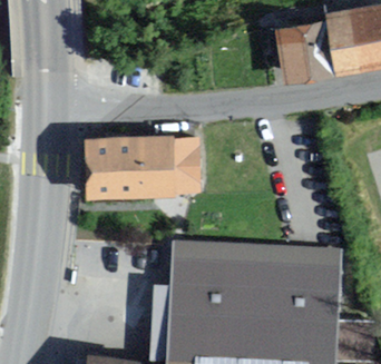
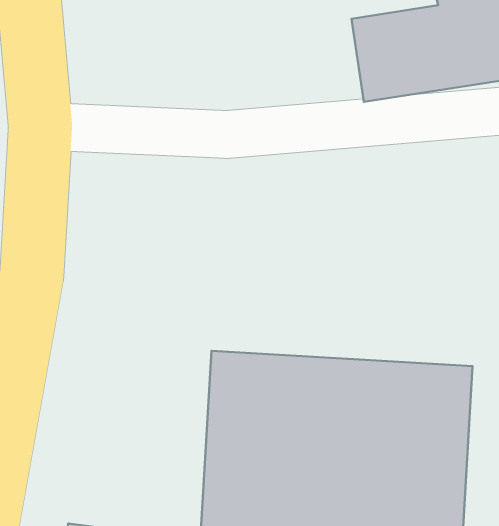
building: [77,134,198,197] -> none

